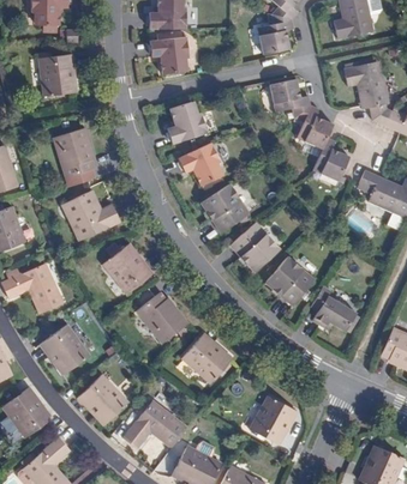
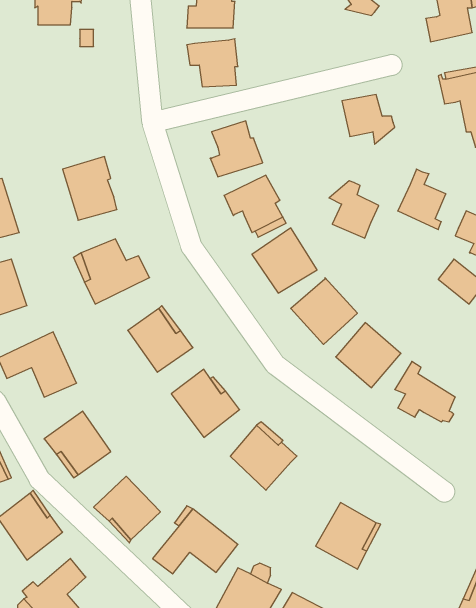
building: [258,13,293,54] -> none
building: [37,54,76,95] -> none
building: [294,104,333,149] -> [329,181,379,238]

